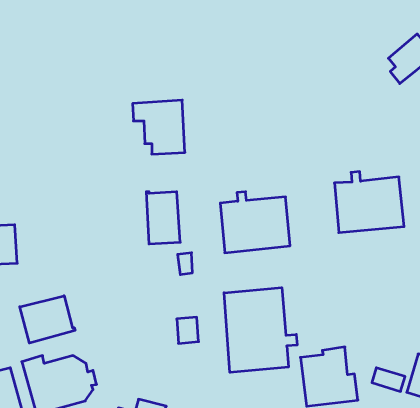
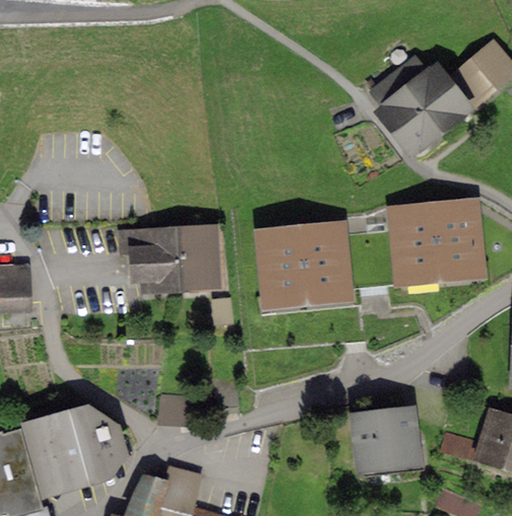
building: none -> [372,57,465,149]
building: [133,100,185,154] -> [120,226,180,289]
building: [224,288,297,372] -> none
building: [20,296,75,343] -> none
building: none -> [158,395,188,429]

